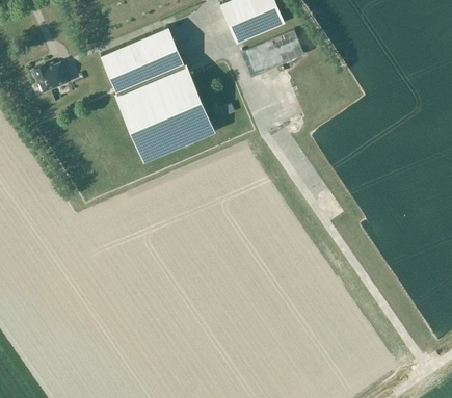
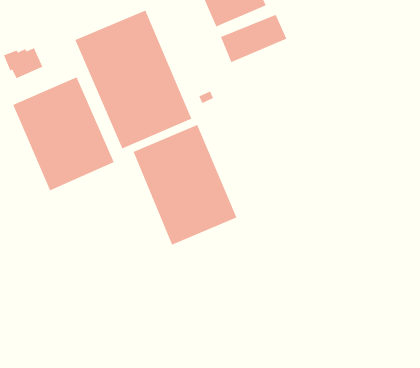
building: none -> [13,77,115,191]
building: none -> [133,124,237,246]

